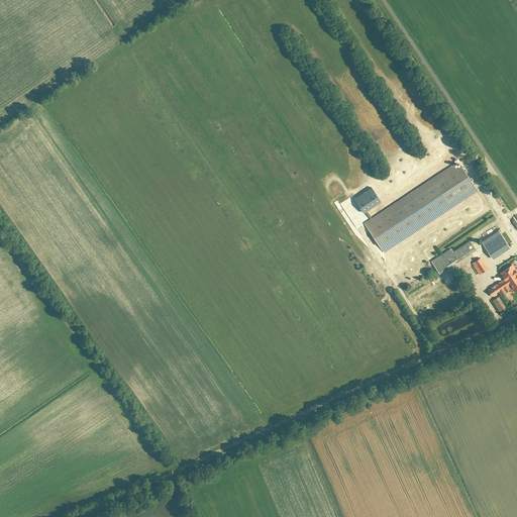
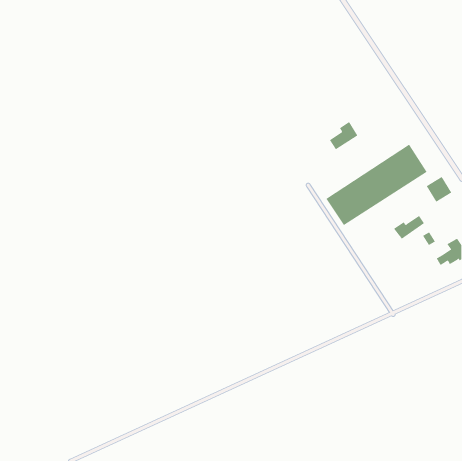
building: none -> [329,121,358,150]
building: [481,229,510,258] -> [426,176,452,203]

